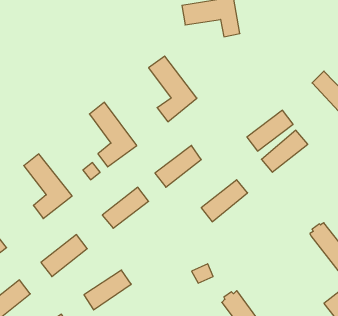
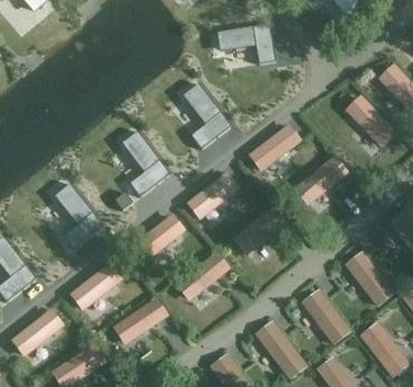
building: [247,110,293,151] -> [250,127,298,169]
building: none -> [179,255,225,298]
building: none -> [302,291,348,343]

